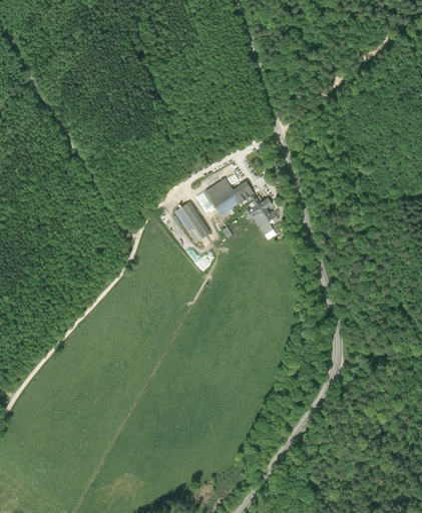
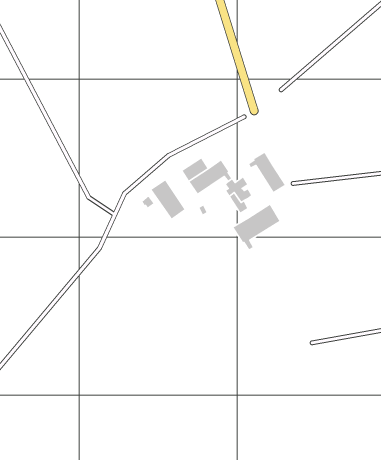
building: none -> [248,152,286,193]
building: none -> [233,204,281,250]

